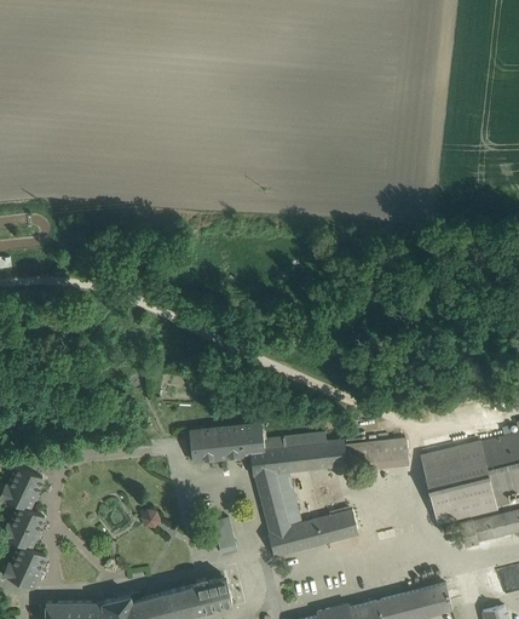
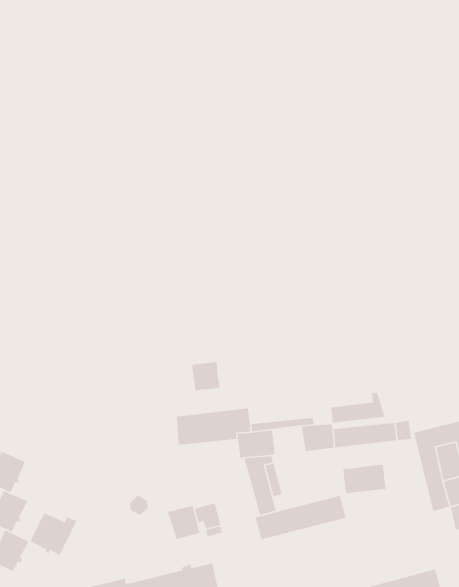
building: none -> [191,361,220,391]
building: none -> [330,392,385,423]
building: [286,443,317,471] -> none
building: none -> [343,464,386,494]
building: none -> [167,505,201,540]
building: none -> [29,512,77,556]

